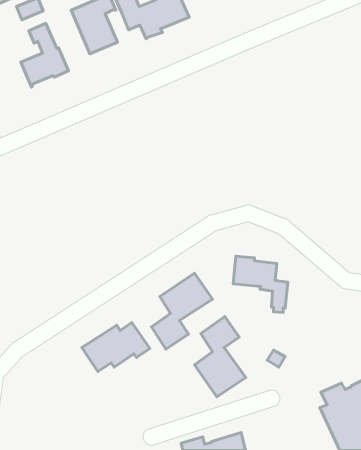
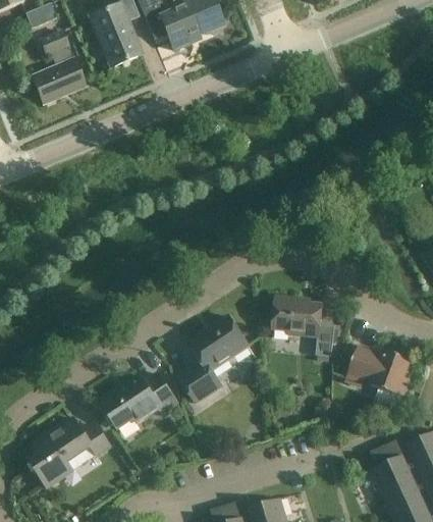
building: none -> [346,347,411,396]
building: [194,316,246,397] -> none
building: none -> [30,418,111,487]

